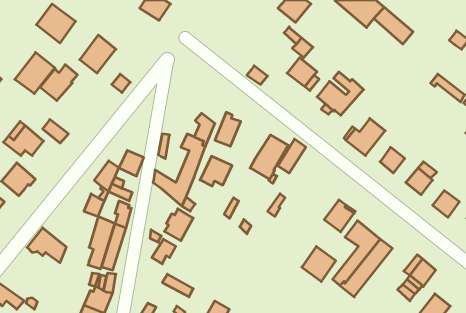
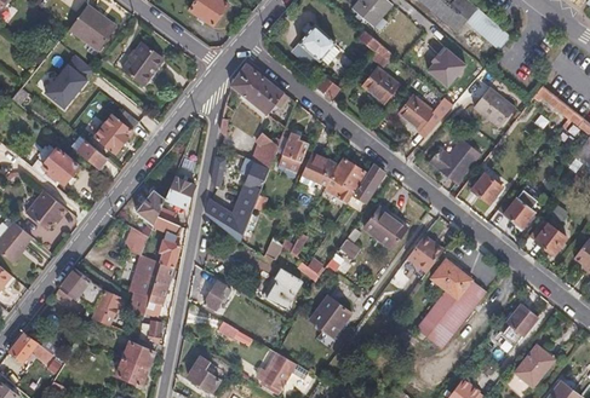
building: none -> [297,24,334,62]
building: none -> [424,44,459,80]
building: none -> [230,64,283,115]
building: [40,65,77,101] -> [93,110,137,152]
building: none -> [472,87,514,127]
building: [200,156,232,186] -> [298,152,336,188]
building: none -> [363,207,407,248]
building: [164,209,193,241] -> [265,270,299,307]
building: [302,246,336,282] -> [310,295,350,336]
building: none -> [91,290,125,325]

